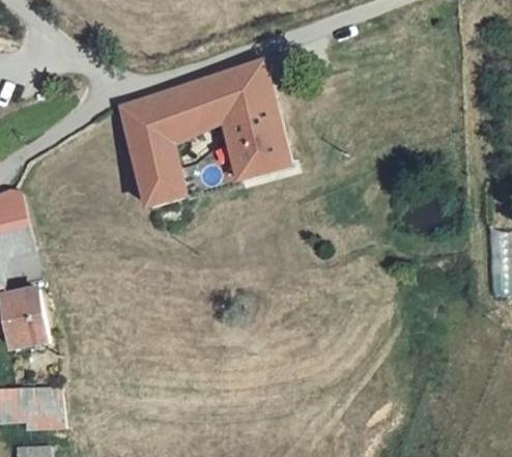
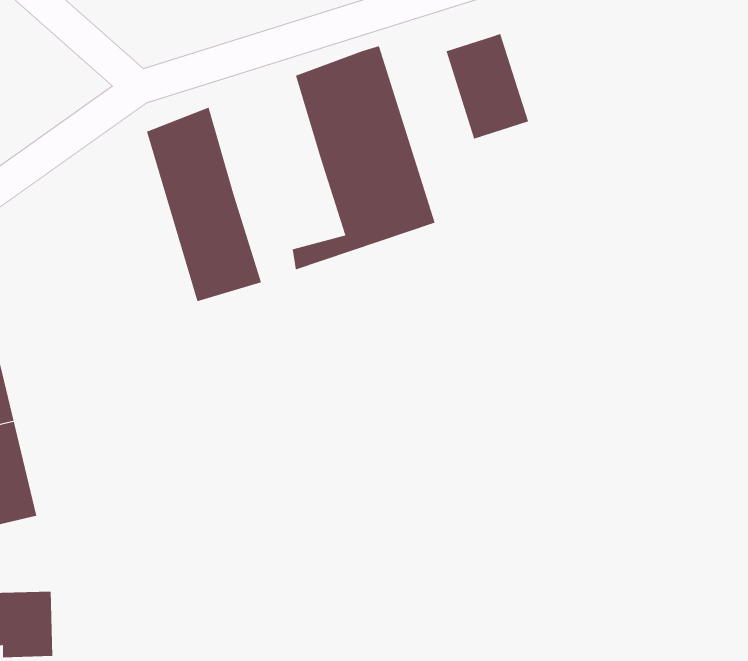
building: none -> [446,33,529,140]
building: [153,79,219,148] -> none

